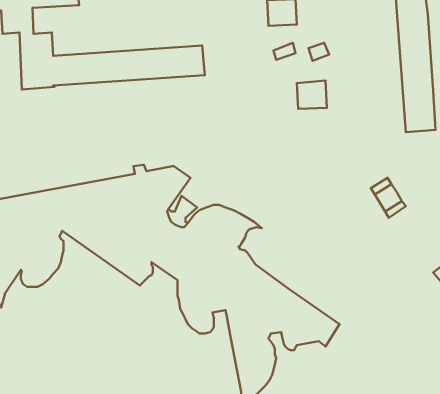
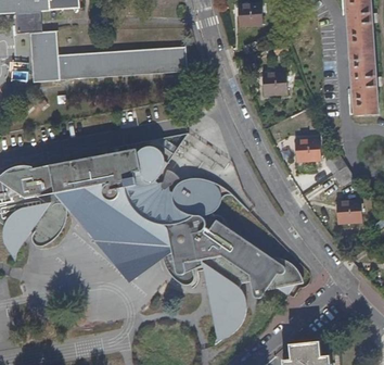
building: none -> [294,139,319,162]
building: none -> [63,198,163,280]
building: none -> [334,200,360,223]

